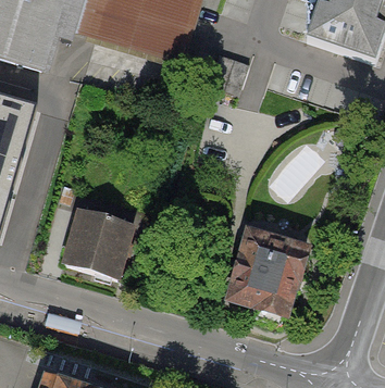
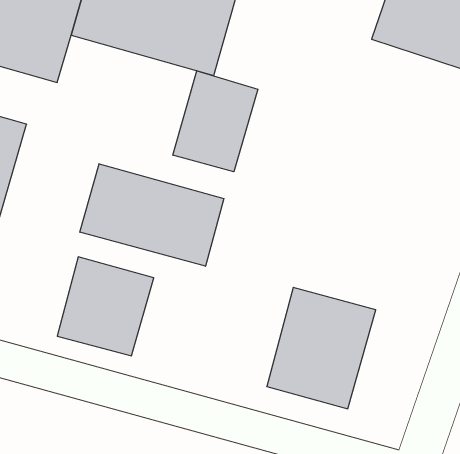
building: none -> [173,71,258,172]
building: none -> [80,164,224,266]

